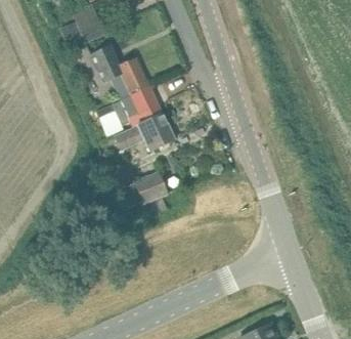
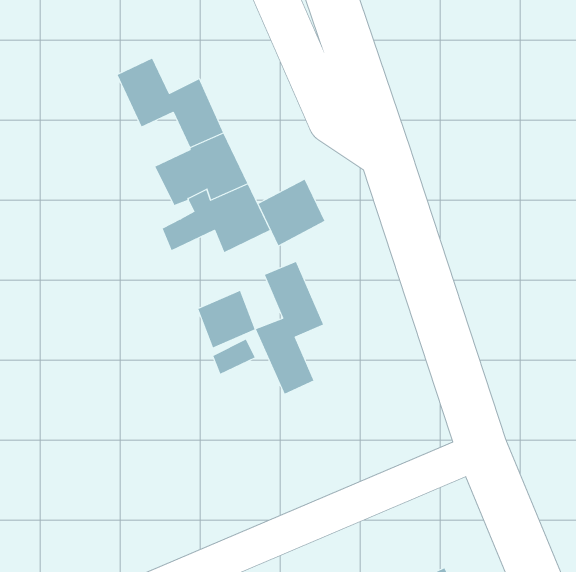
building: none -> [258,179,325,246]
building: none -> [255,261,324,394]

